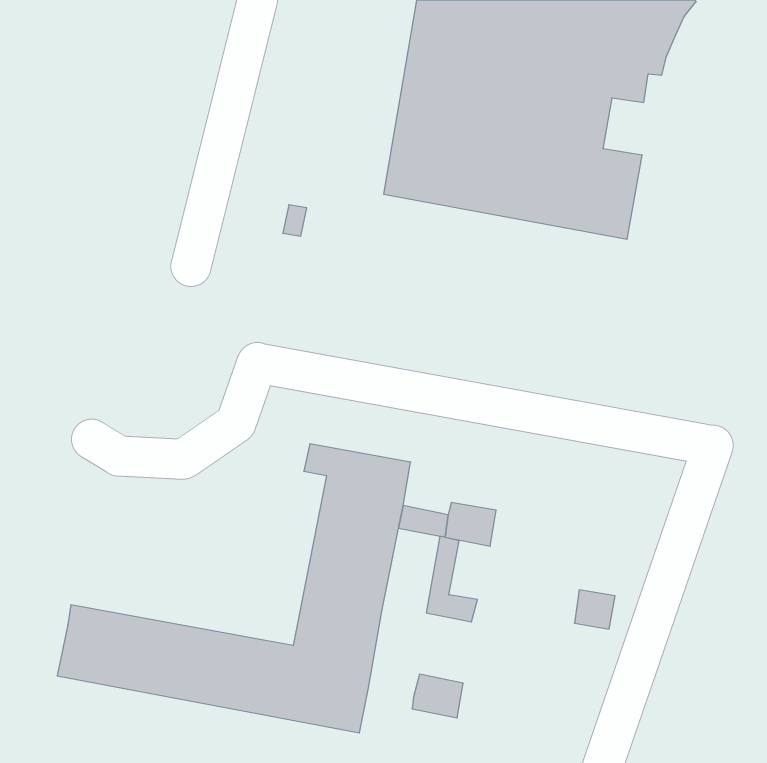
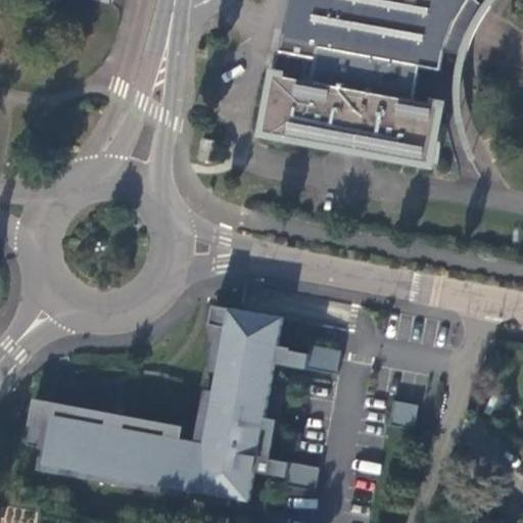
building: [426,536,477,622] -> [251,419,286,477]
building: none -> [26,397,181,438]

